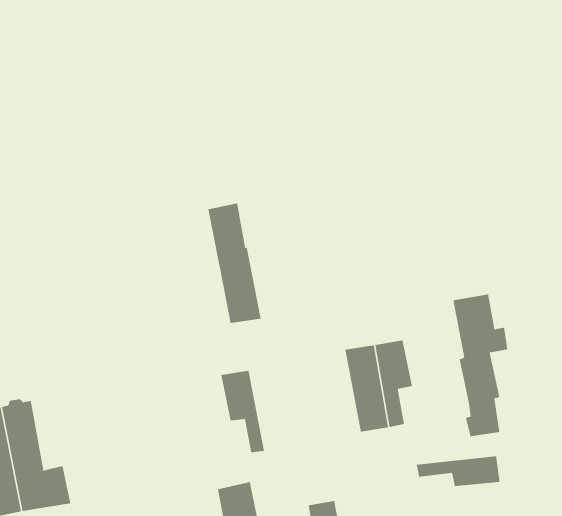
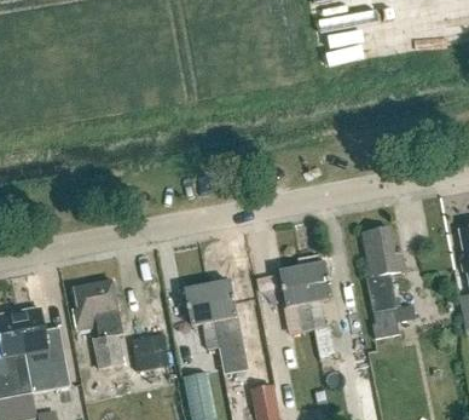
building: [208,203,262,324] -> [207,281,248,373]
building: none -> [74,282,123,368]
building: none -> [131,333,168,370]
building: [416,455,500,487] -> none

